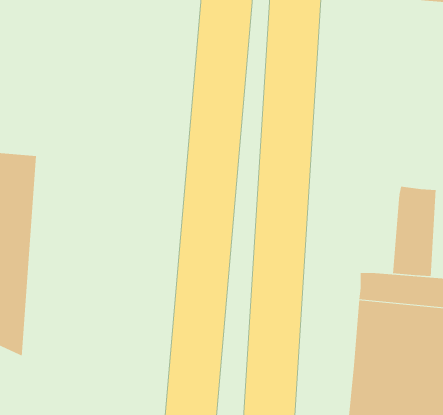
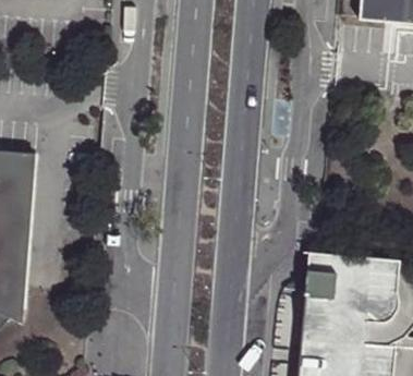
building: [393,186,436,277] -> none

